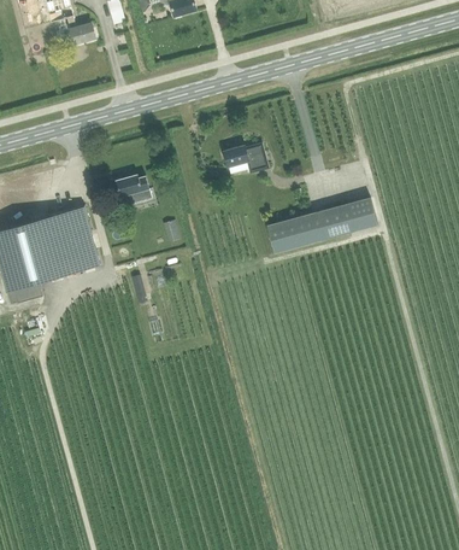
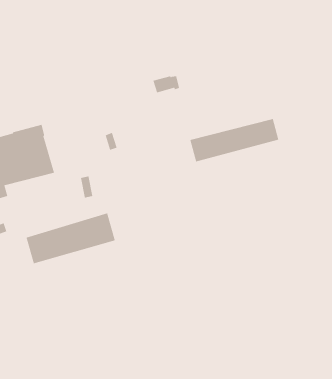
building: [116,175,151,205] -> none
building: none -> [26,213,116,264]

